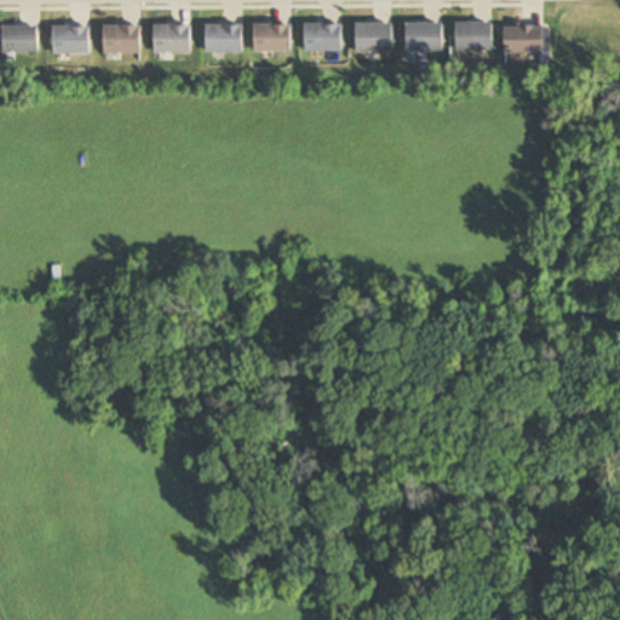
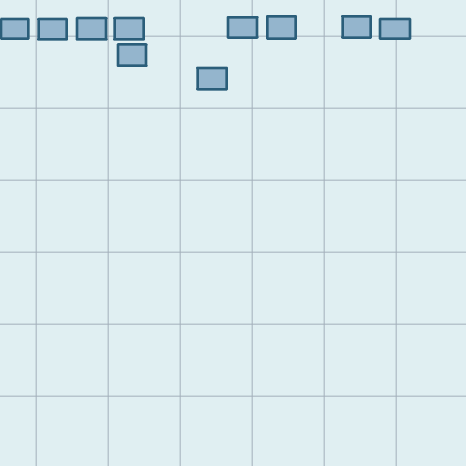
building: [403,22,441,51] -> none
building: [203,23,241,51] -> [118,45,146,66]
building: [252,23,291,51] -> [197,68,227,89]

